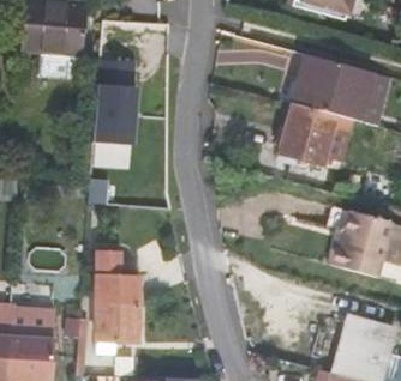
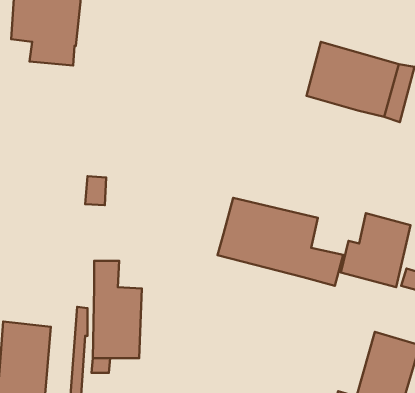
building: [94,56,137,143] -> none
building: [277,102,337,165] -> none
building: none -> [218,198,343,286]

